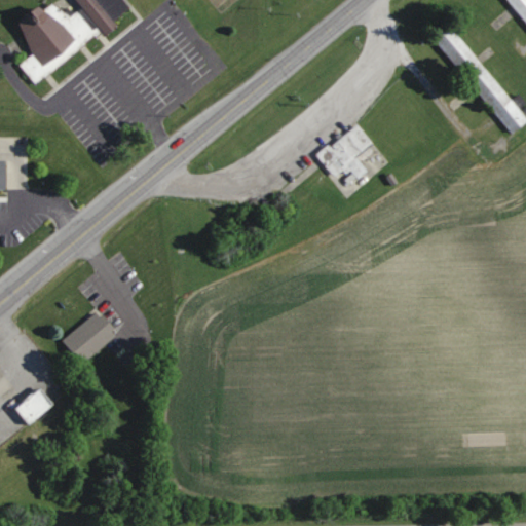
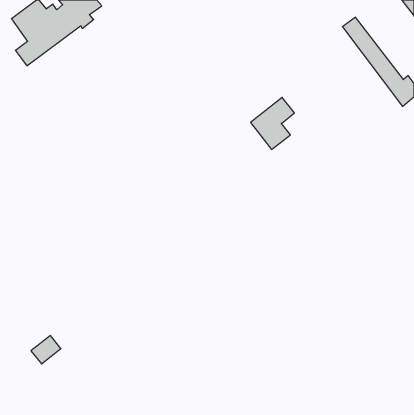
building: [62,311,114,364] -> none
building: [14,388,52,424] -> [31,335,61,364]

